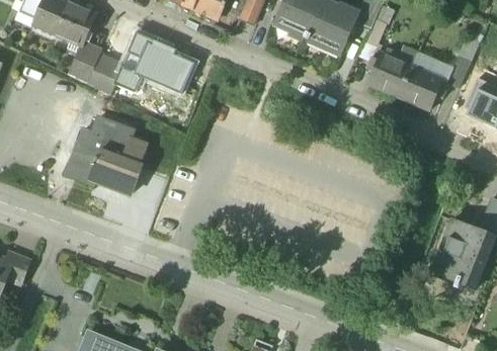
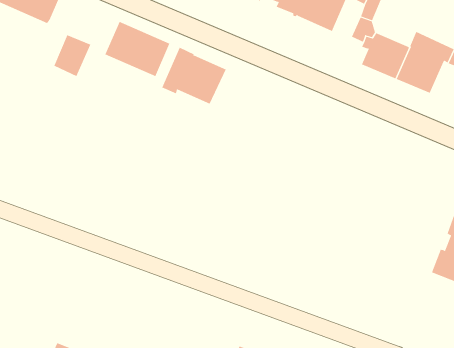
building: [69,41,101,83] -> none
building: none -> [162,47,227,105]
building: [71,116,147,193] -> none

